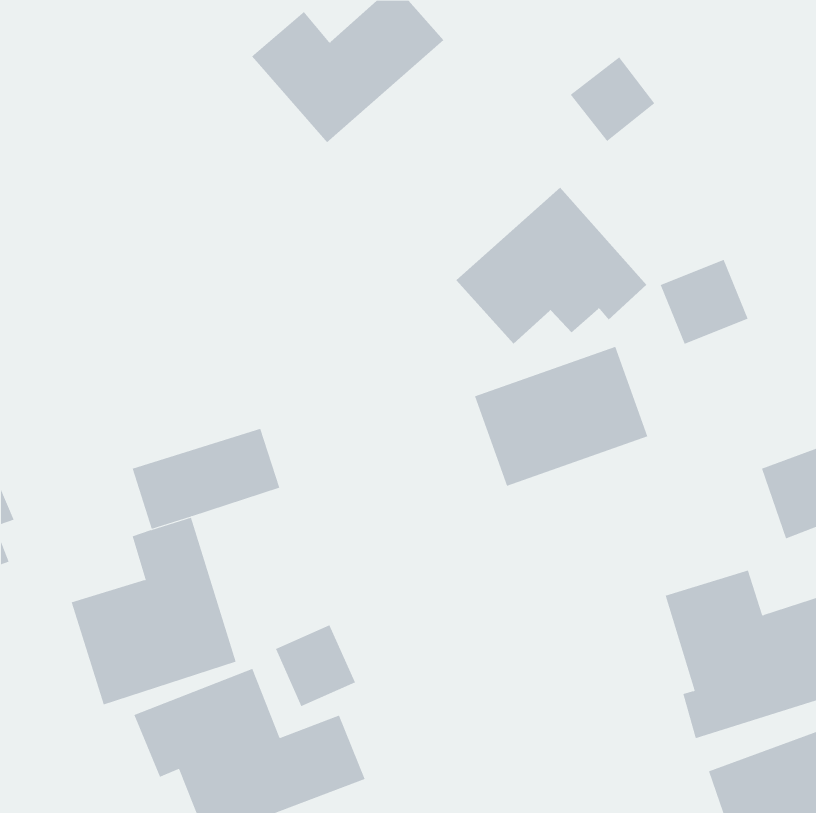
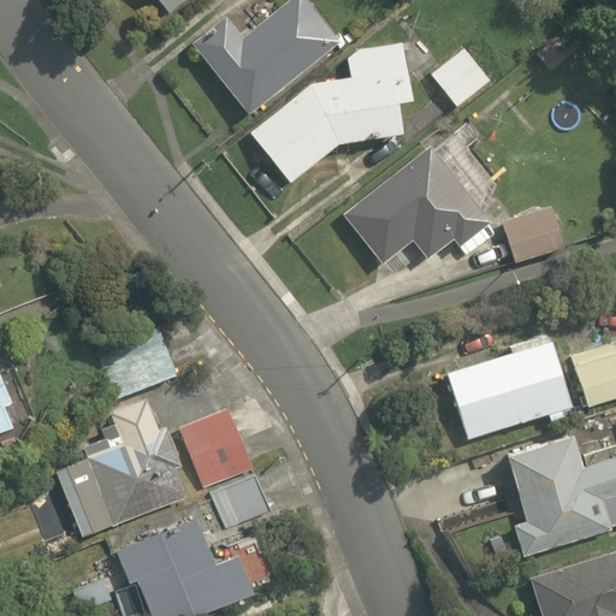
building: none -> [249,45,413,182]
building: [474,346,648,486] -> [445,334,575,439]
building: none -> [180,408,256,490]

